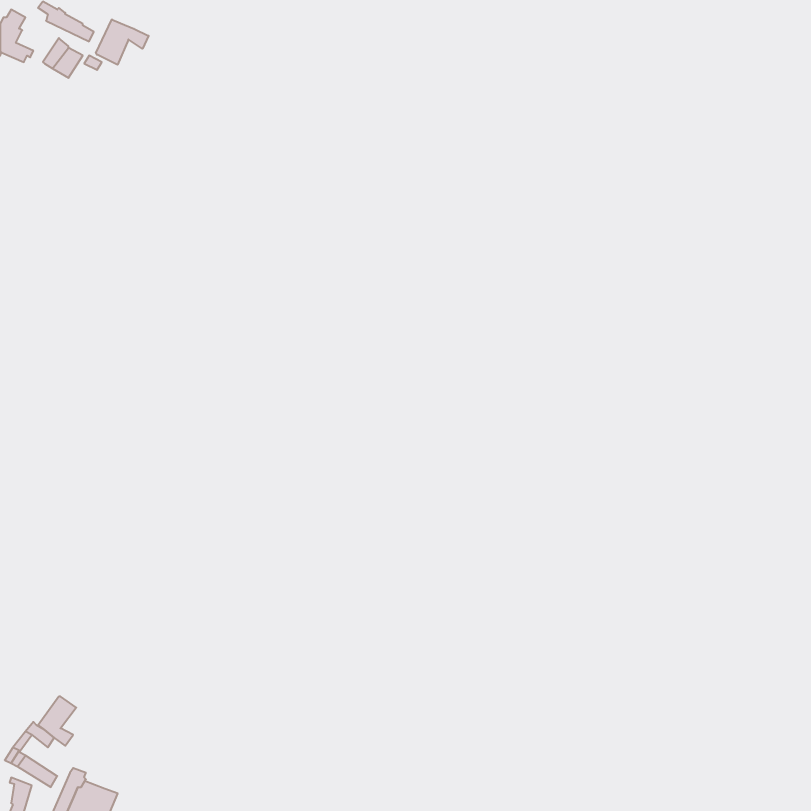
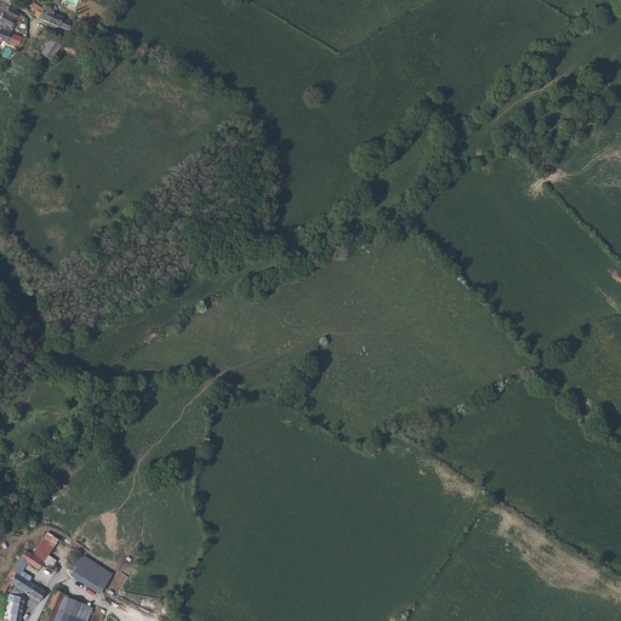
building: [96,19,149,65] -> none
building: none -> [70,554,112,594]

